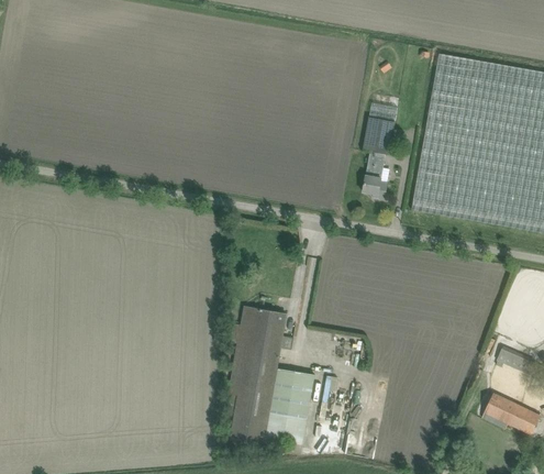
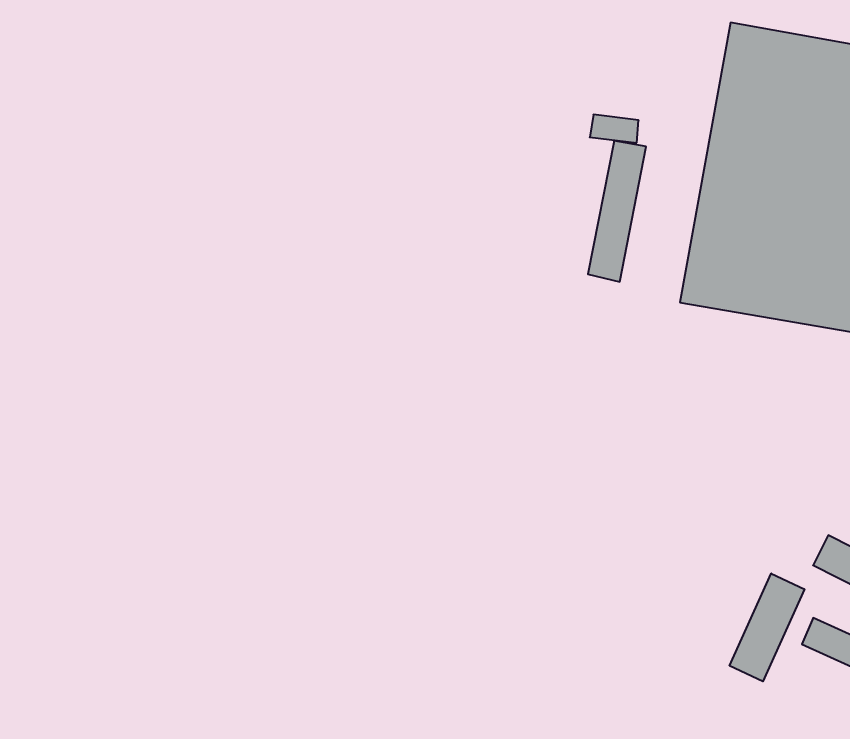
building: [227,305,312,443] -> none
building: none -> [730,573,804,681]

